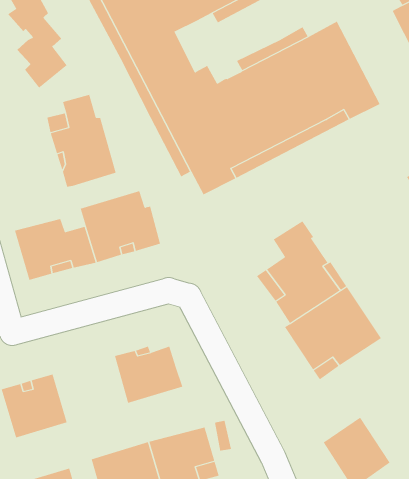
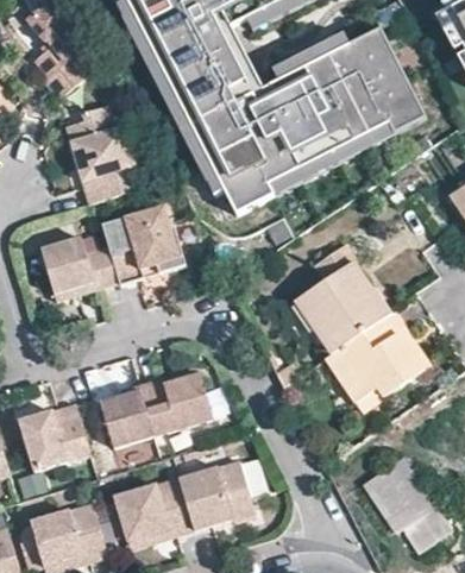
building: none -> [205,25,260,92]
building: none -> [98,379,153,447]

